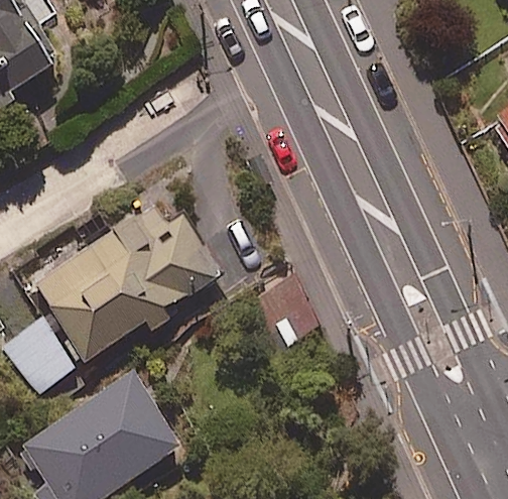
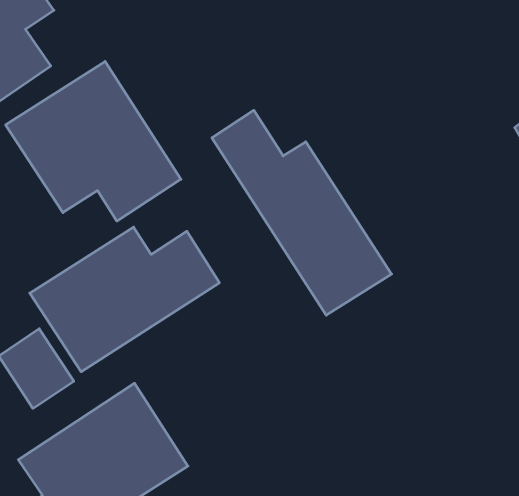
building: none -> [6,61,181,221]
building: none -> [212,110,392,315]

